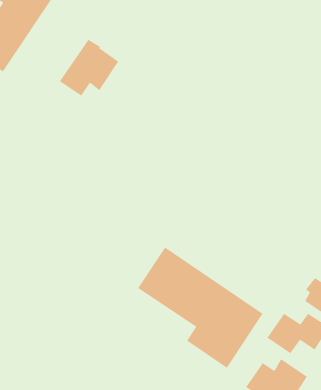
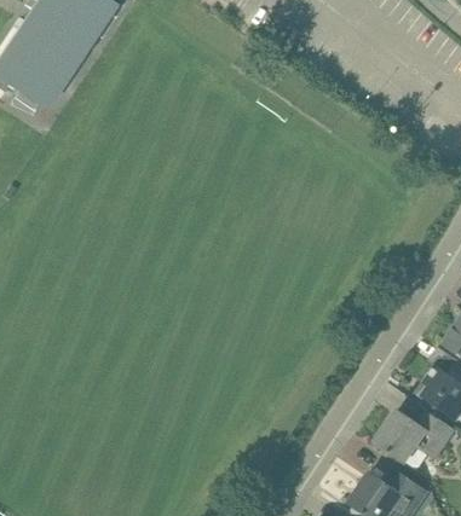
building: [59,39,119,96] -> none
building: [137,247,263,369] -> none

